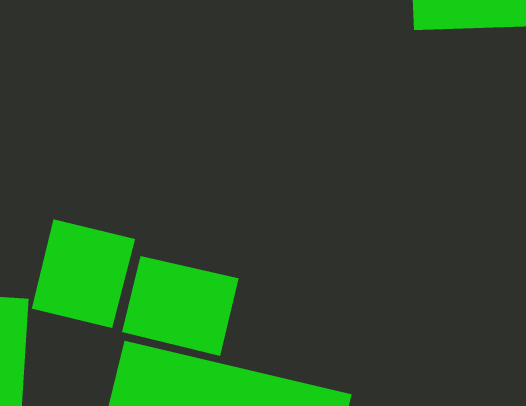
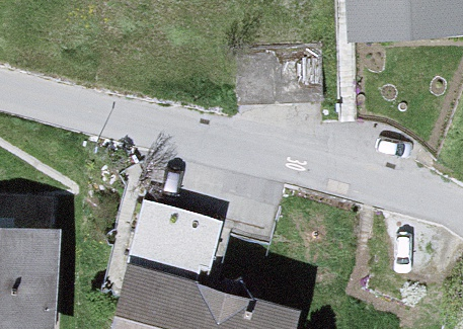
building: [31,218,136,329] -> none

